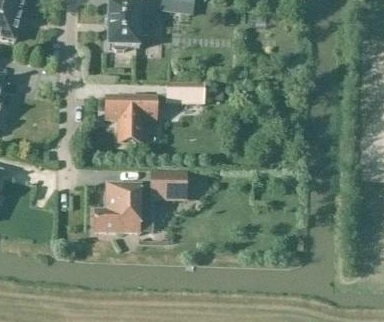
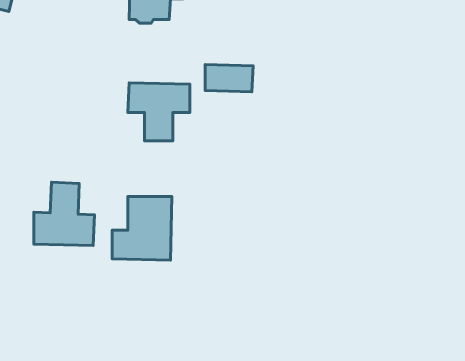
building: [152,170,184,191] -> none
building: none -> [34,182,94,245]

